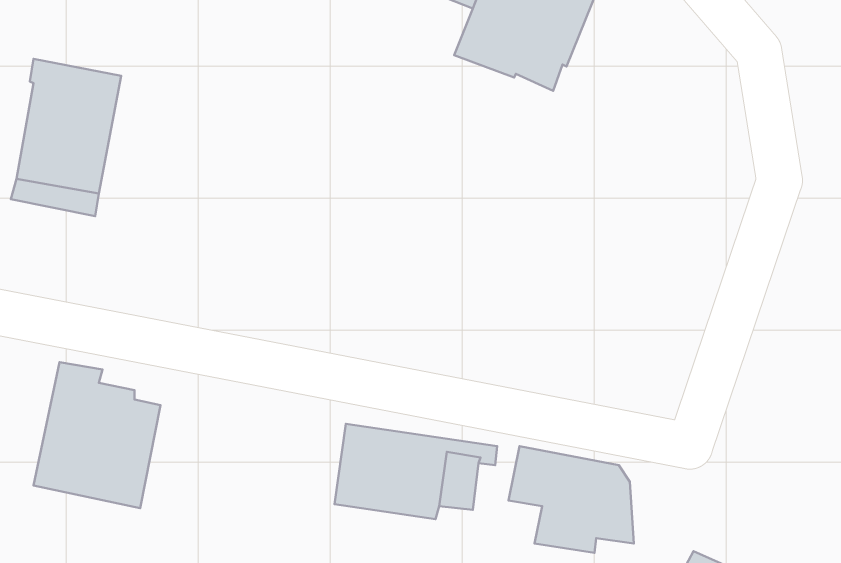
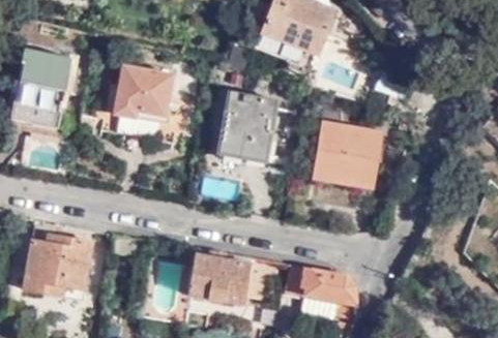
building: none -> [115,66,172,149]
building: none -> [216,91,280,163]
building: none -> [312,119,399,193]

